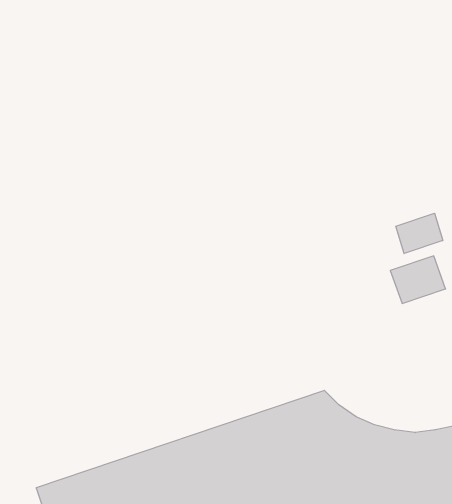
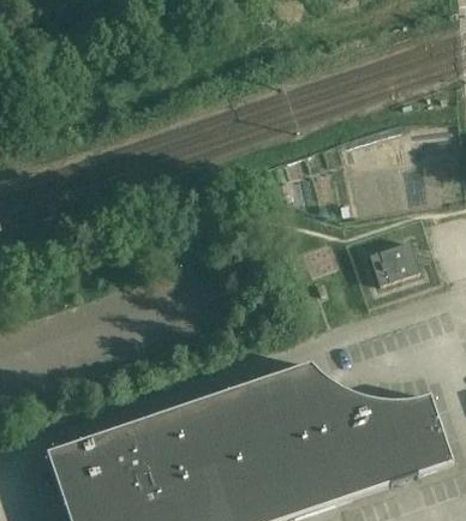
building: [396,213,443,254] -> none

